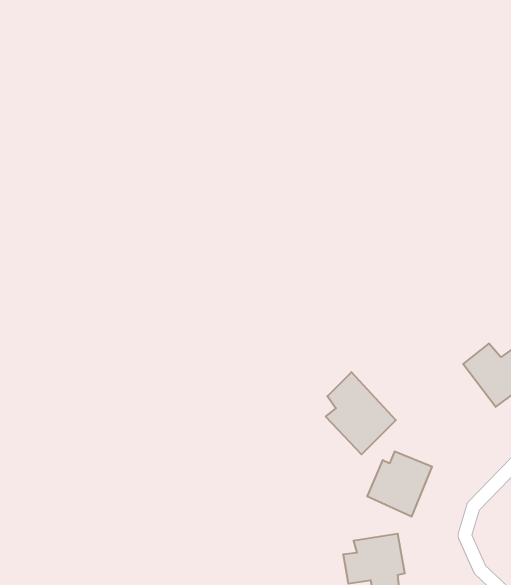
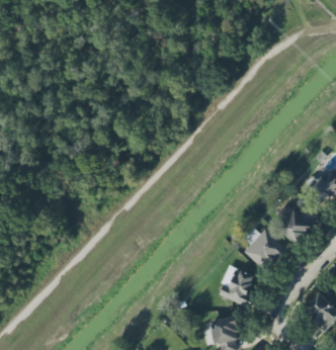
building: [326,372,396,454] -> [244,225,285,273]

